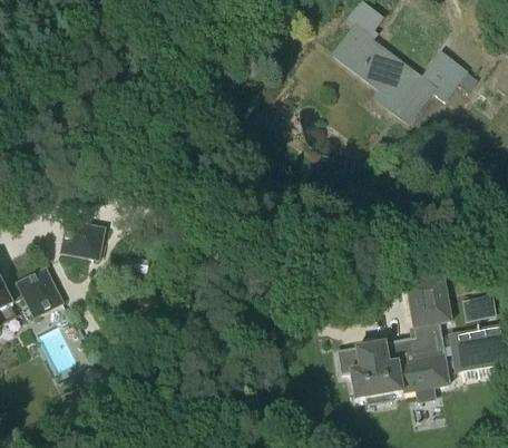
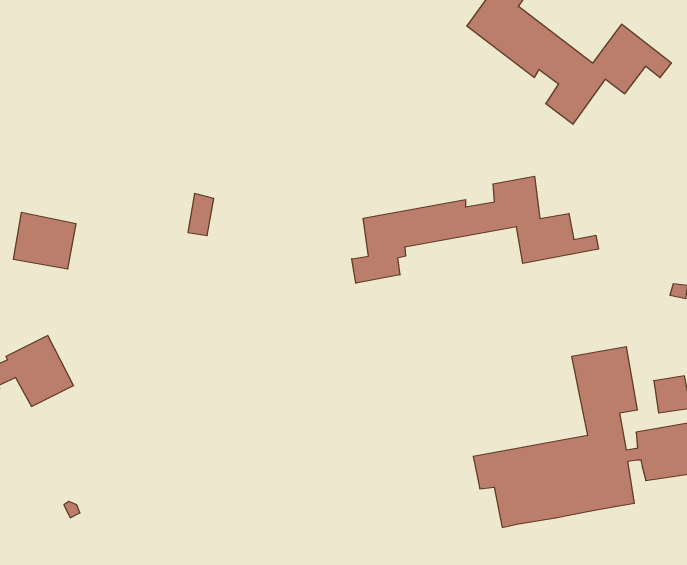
building: none -> [352,176,598,283]
building: [59,220,102,259] -> [13,213,76,269]

